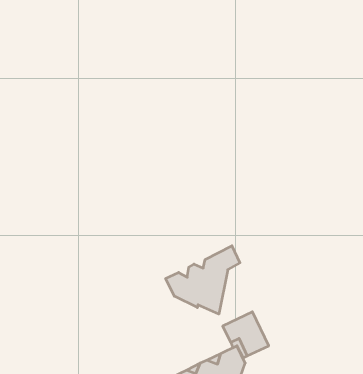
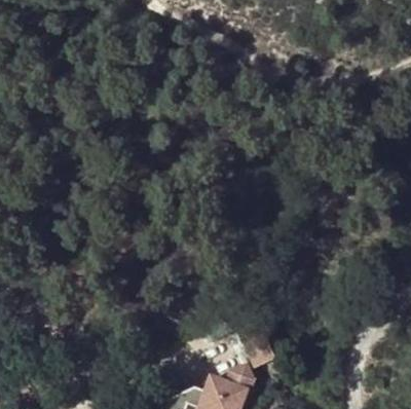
building: [166,246,240,314] -> none

